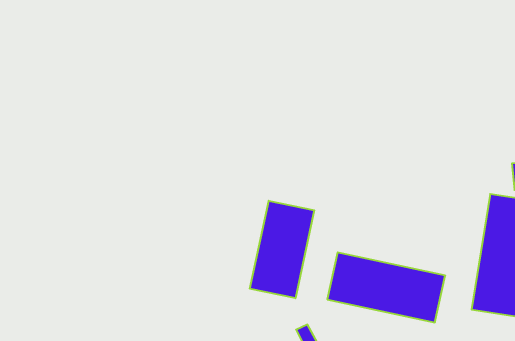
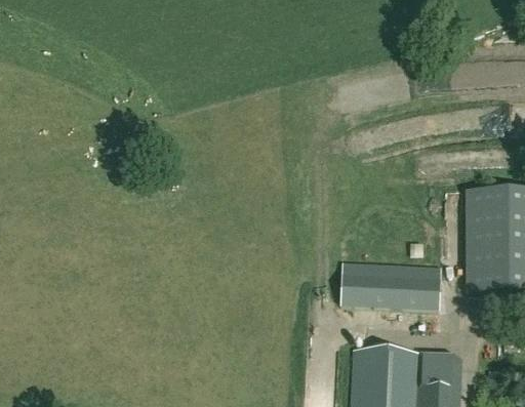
building: [250,201,314,298] -> none

